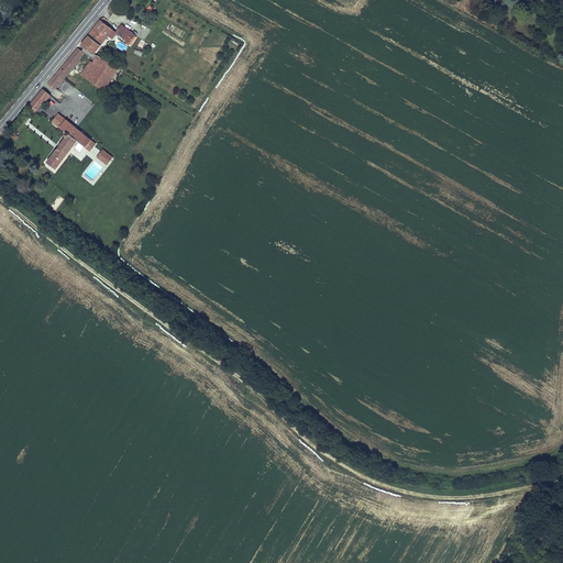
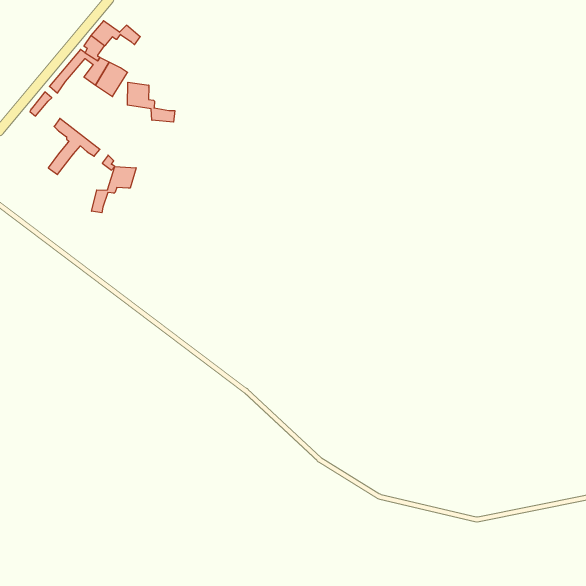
building: none -> [127,82,175,122]
building: none -> [92,167,136,213]

